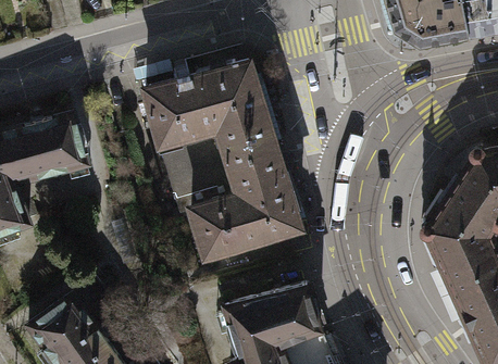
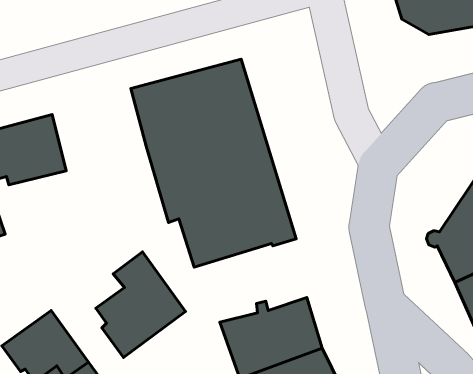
building: none -> [96,252,186,357]

